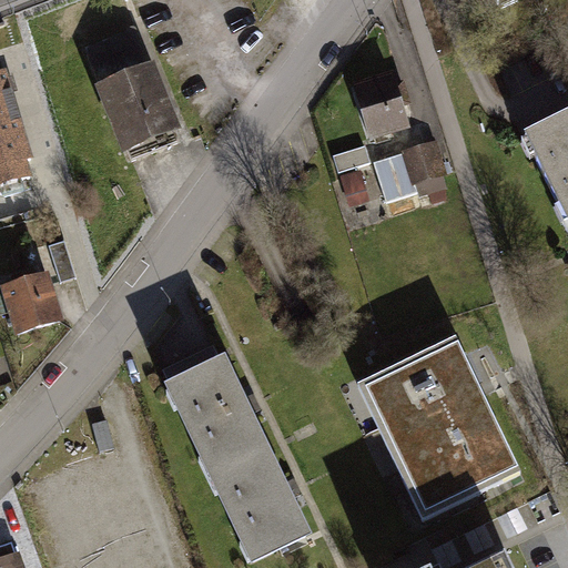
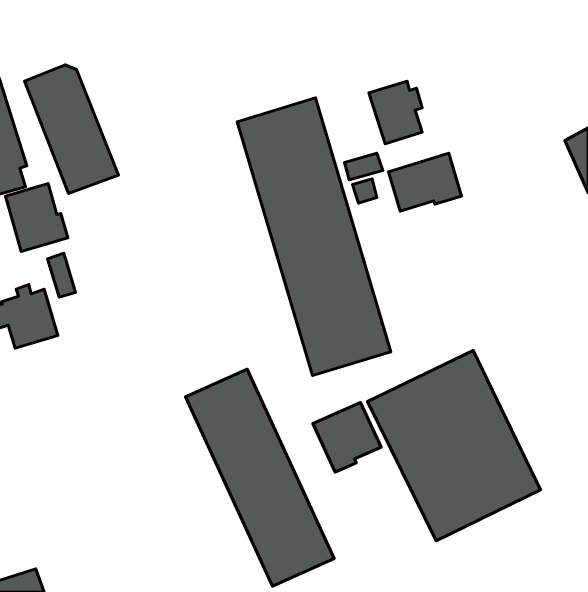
building: [83,34,173,158] -> [24,65,118,194]
building: none -> [237,98,391,376]
building: none -> [5,184,68,252]
building: none -> [313,402,381,472]

